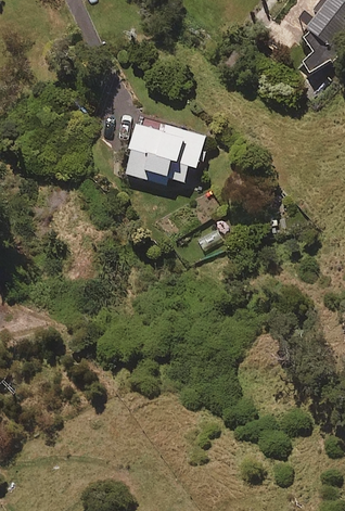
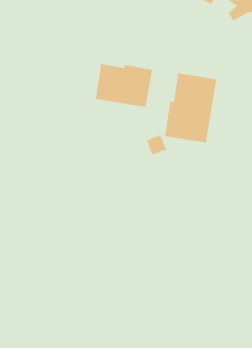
building: none -> [164,72,217,143]

